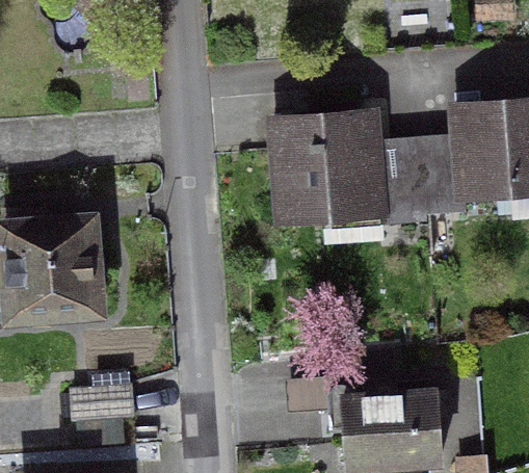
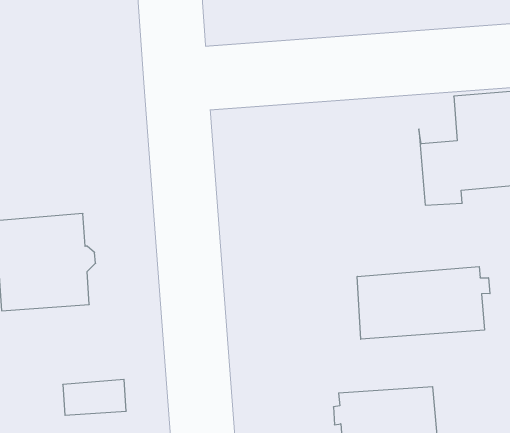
building: [273,111,427,216] -> none
building: none -> [357,267,490,339]

